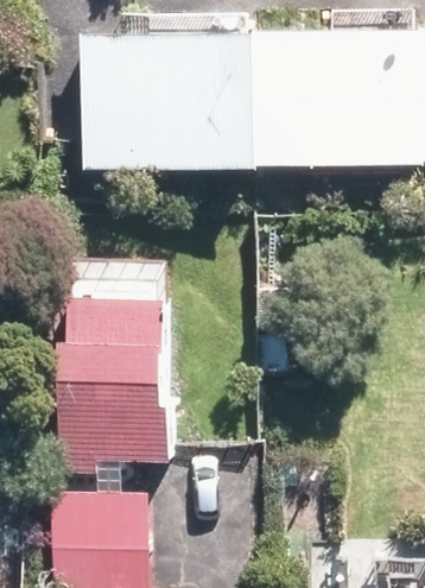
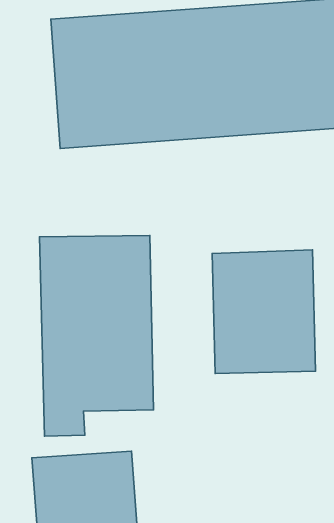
building: none -> [212,250,316,373]

